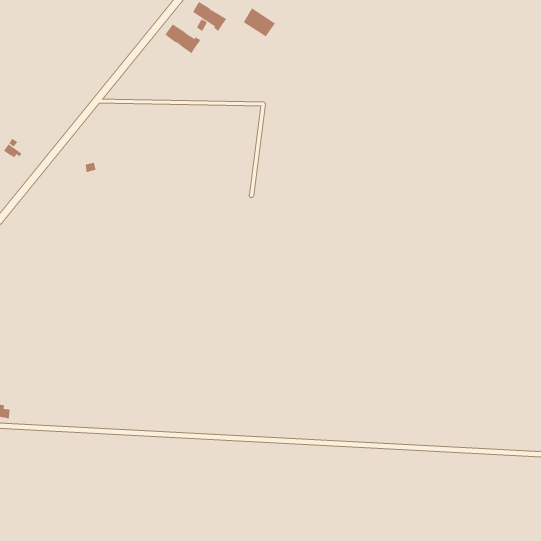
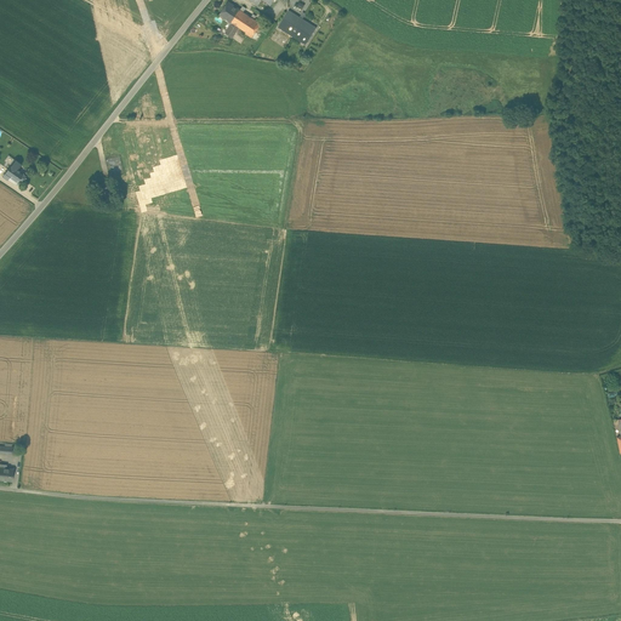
building: [164,24,201,54] -> none

